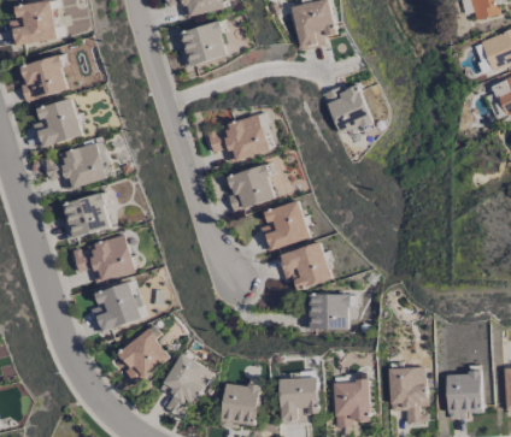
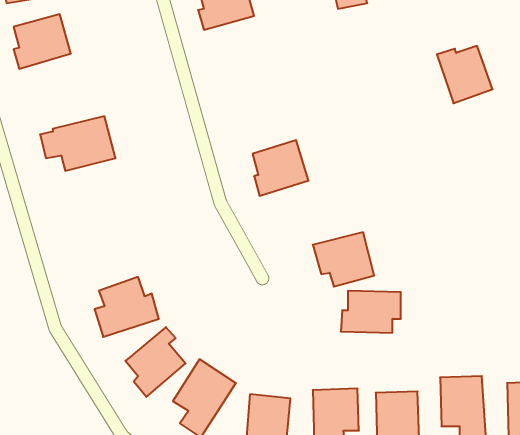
building: [324,84,372,134] -> [437,46,493,103]
building: [36,98,84,147] -> none
building: [207,113,270,163] -> none
building: [61,191,111,237] -> none
building: [263,200,311,249] -> none
building: [72,234,135,282] -> none

